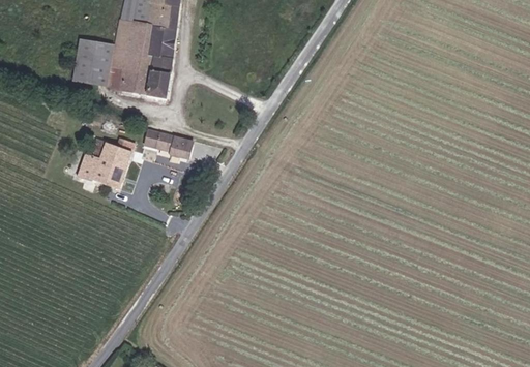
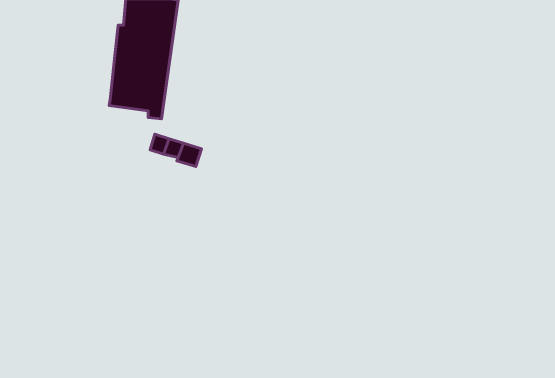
building: [70,49,115,94] -> none
building: [79,135,137,187] -> none

